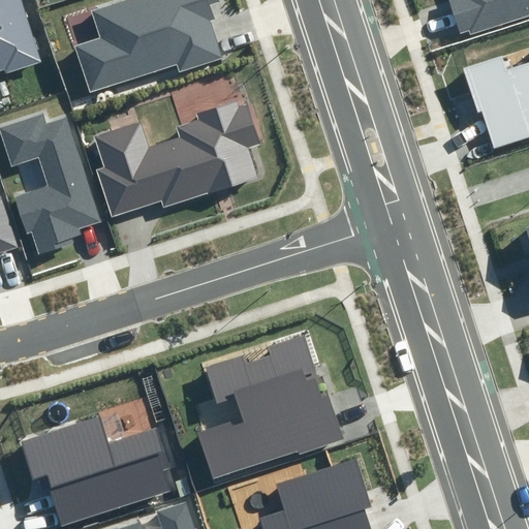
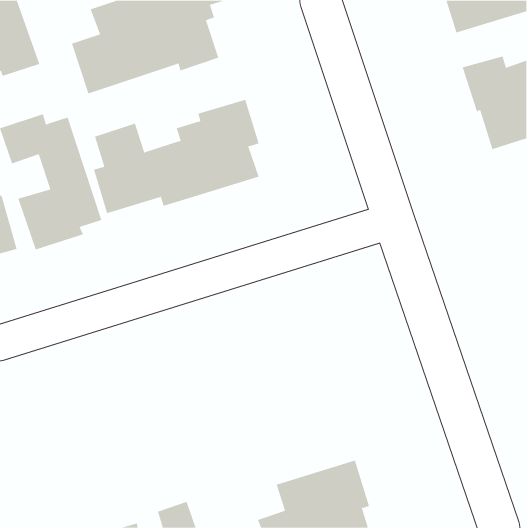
building: [199,339,343,478] -> none
building: [18,415,169,524] -> none

